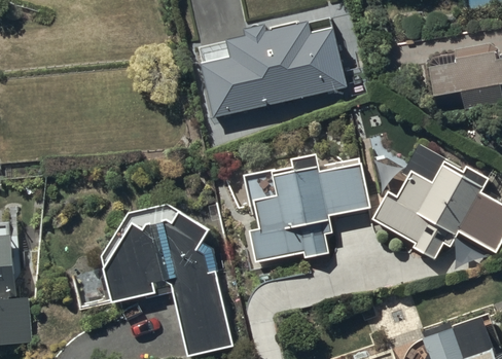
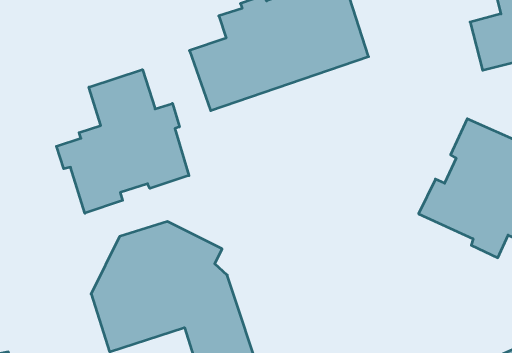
building: none -> [56,70,189,213]
building: [244,156,368,260] -> none

